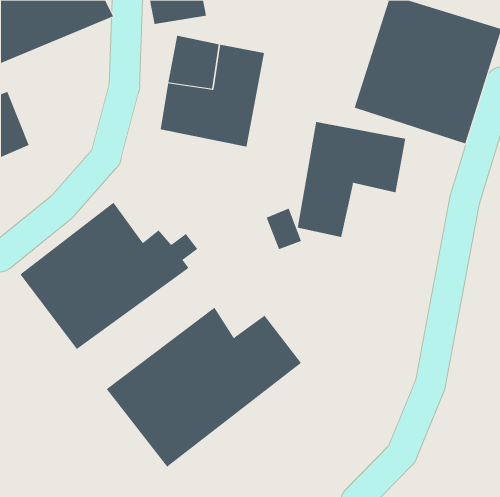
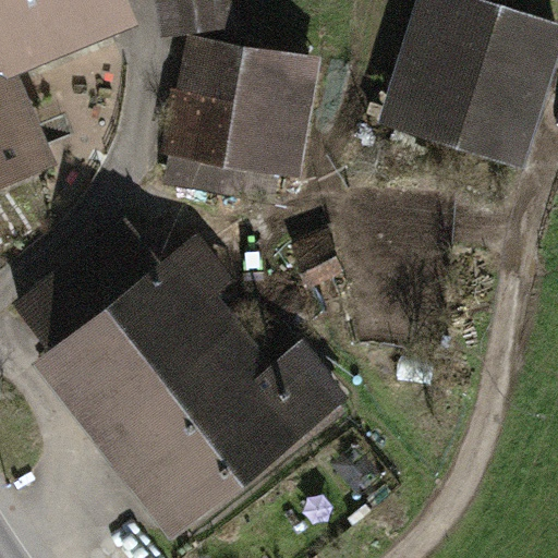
building: [297,121,406,238] -> none
building: none -> [86,304,240,437]

